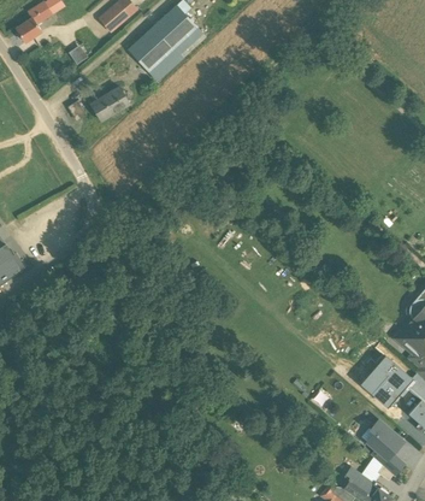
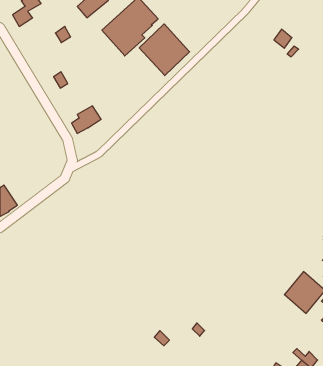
building: none -> [139,24,190,76]
building: [94,86,131,120] -> [72,106,101,133]
building: [368,420,403,460] -> none

